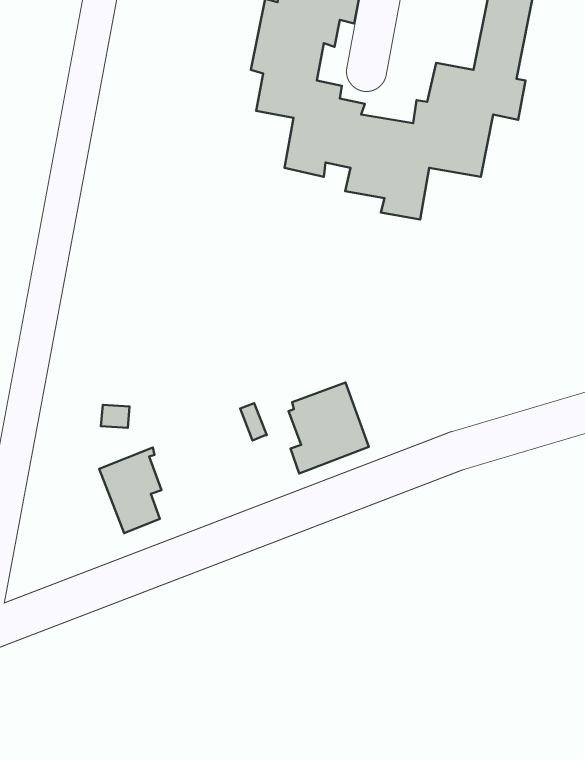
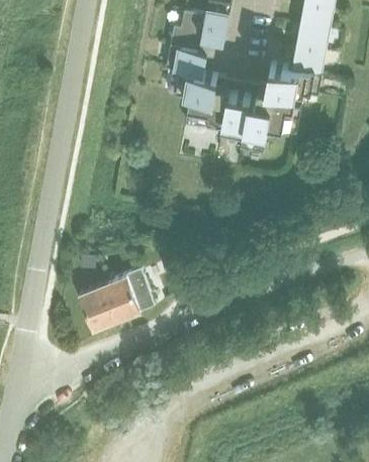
building: [289,383,369,473] -> [109,269,155,321]

